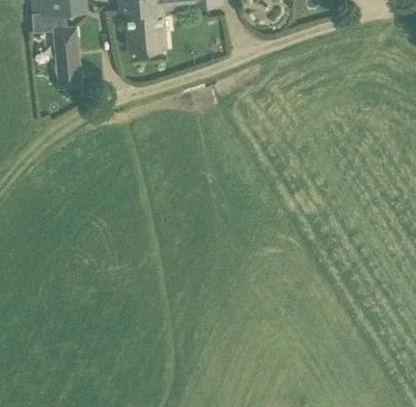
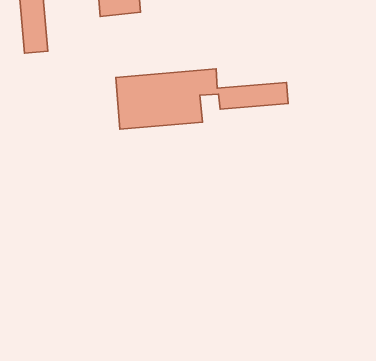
building: none -> [116,69,288,129]

